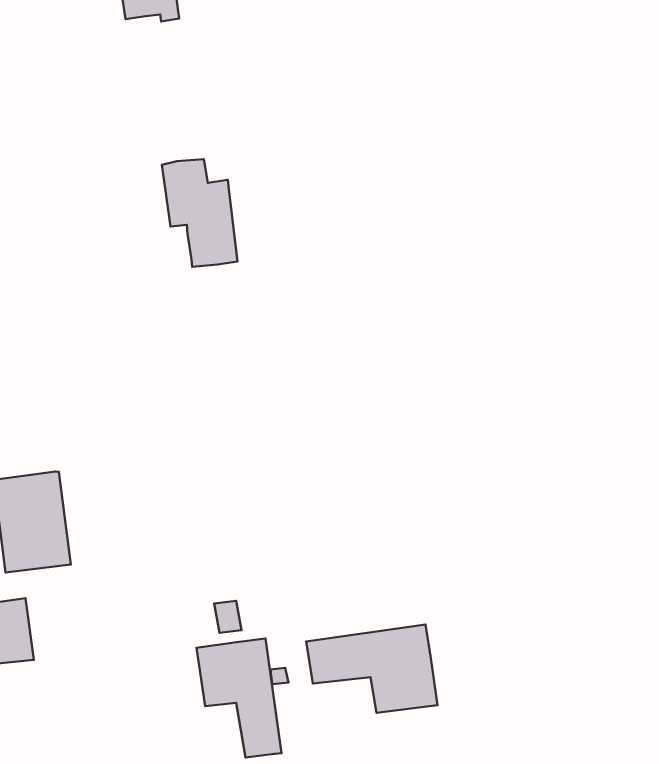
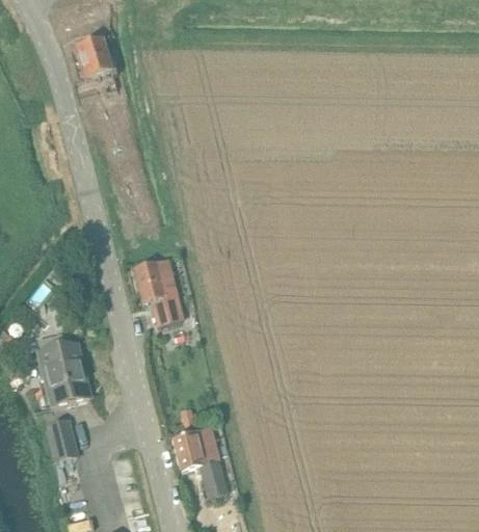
building: [162,159,238,267] -> [132,260,183,323]
building: [306,625,437,713] -> none

